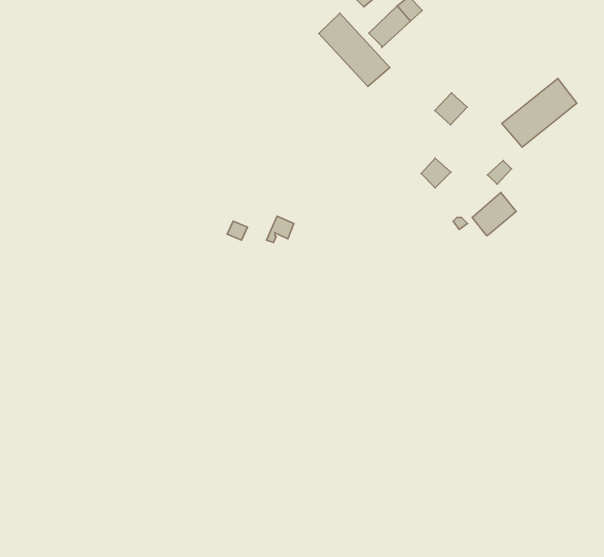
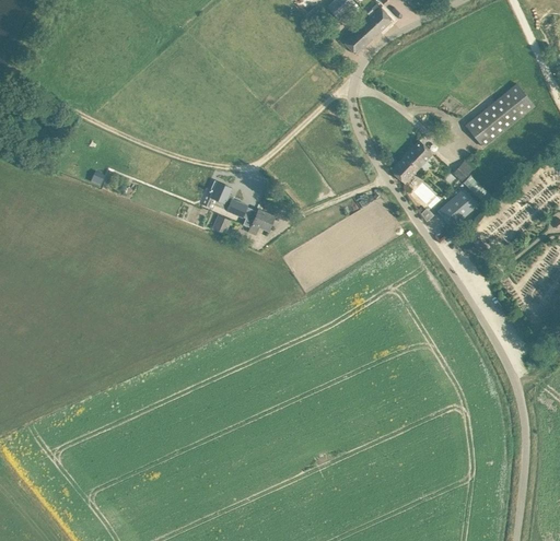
building: [319,13,390,87] -> none
building: [435,93,467,125] -> [404,139,433,168]
building: none -> [209,179,247,216]

